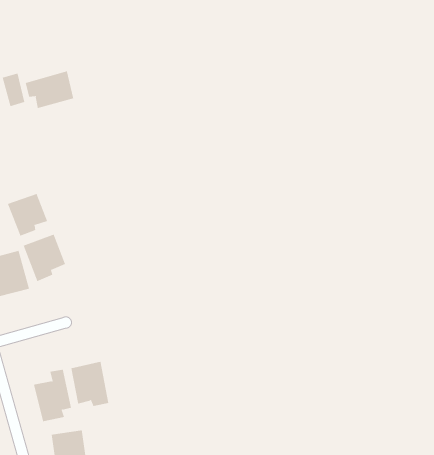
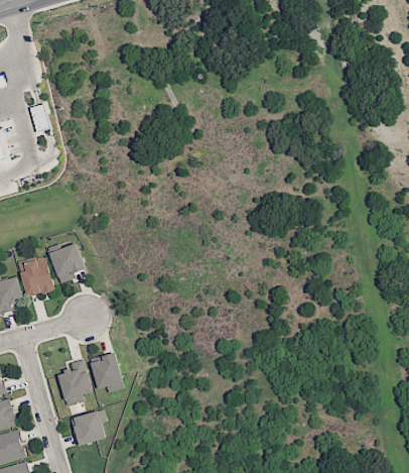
building: [25,71,74,109] -> none
building: [7,193,48,236] -> none

